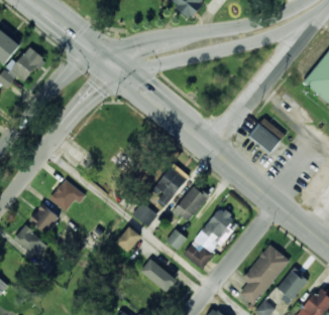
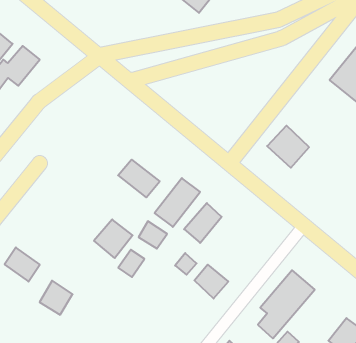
building: none -> [118,160,160,197]
building: [49,179,84,213] -> [94,219,133,258]
building: [30,203,60,233] -> [40,281,73,315]
building: [203,208,234,240] -> none
building: [147,264,180,295] -> none
building: [277,268,308,301] -> none

